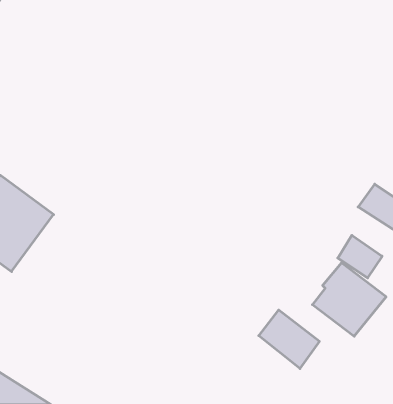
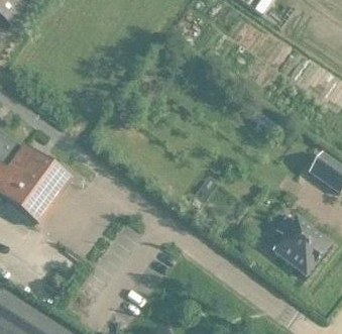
building: [338,235,382,278] -> none
building: [259,310,319,369] -> none

